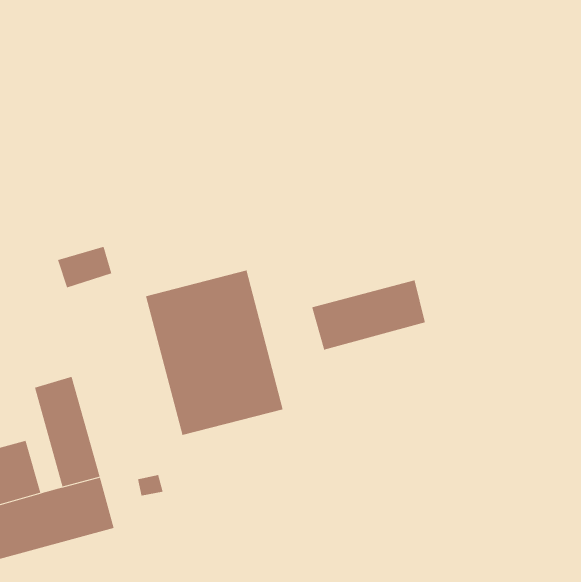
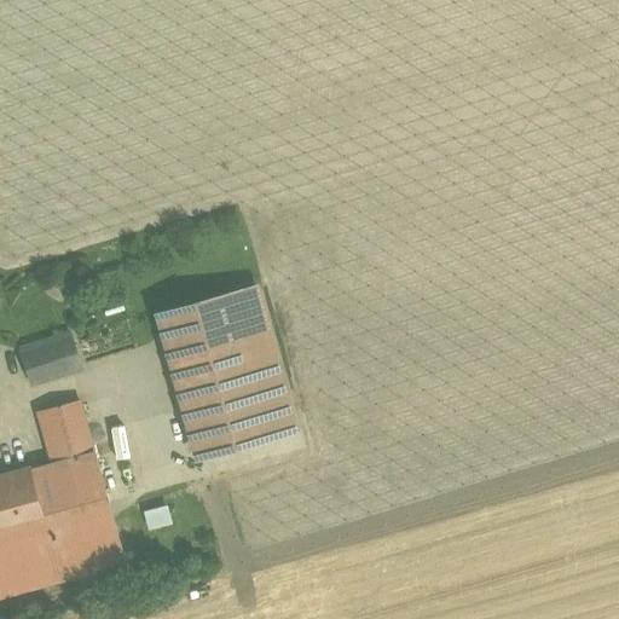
building: [57,246,112,288] -> [19,335,77,380]
building: [312,280,425,351] -> none

